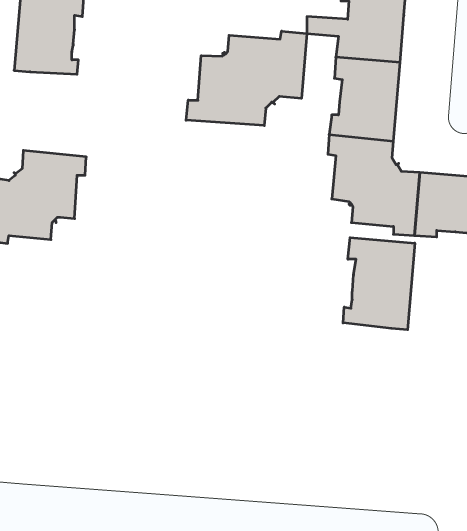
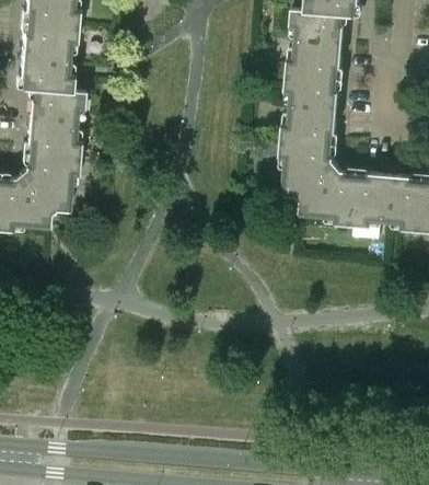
building: [186,31,307,126] -> none
building: none -> [25,88,83,159]
building: [343,238,415,330] -> none

